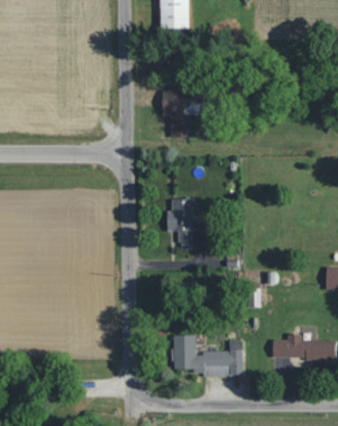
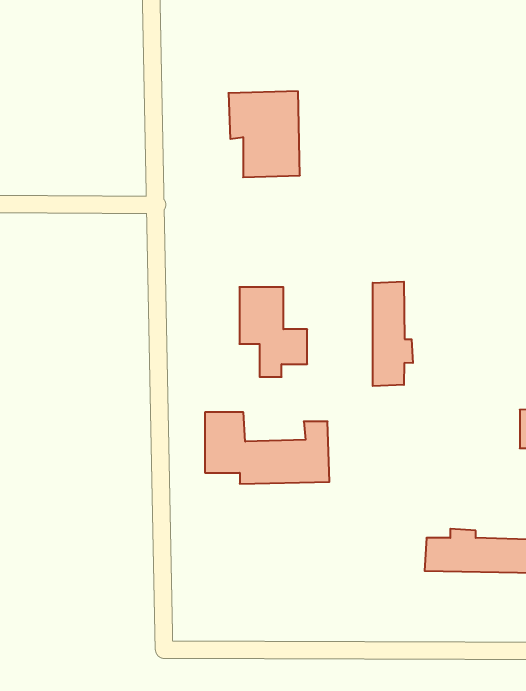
building: none -> [373,282,413,386]
building: [173,335,243,376] -> [205,412,329,484]

